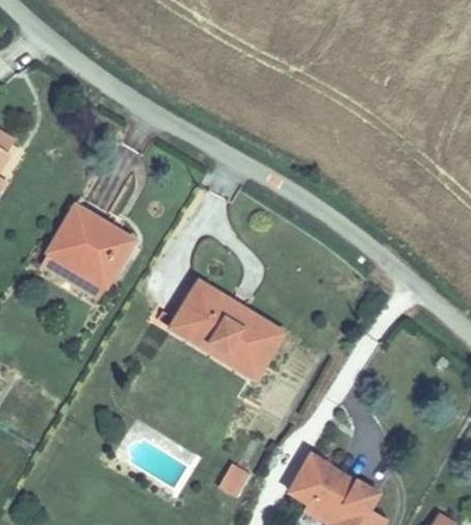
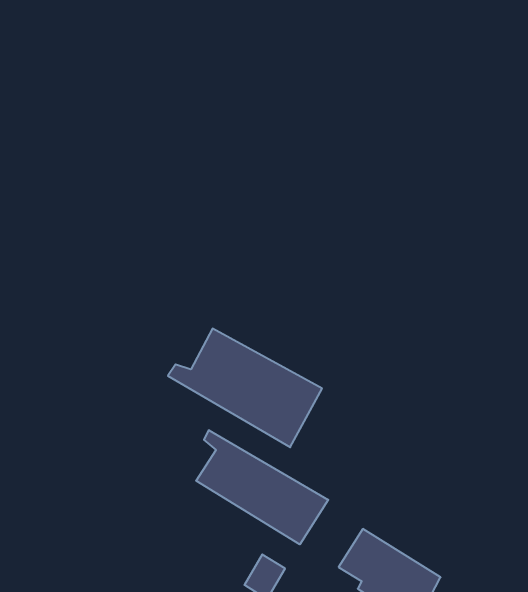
building: [46,209,126,290] -> none
building: none -> [196,430,328,544]

